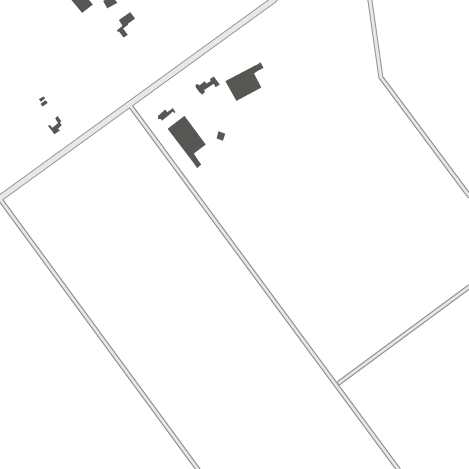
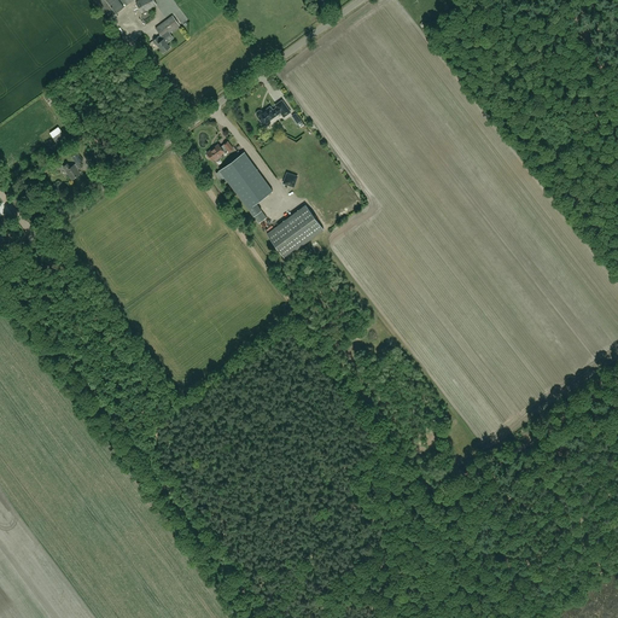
building: [225,61,264,102] -> none
building: none -> [266,204,322,257]

